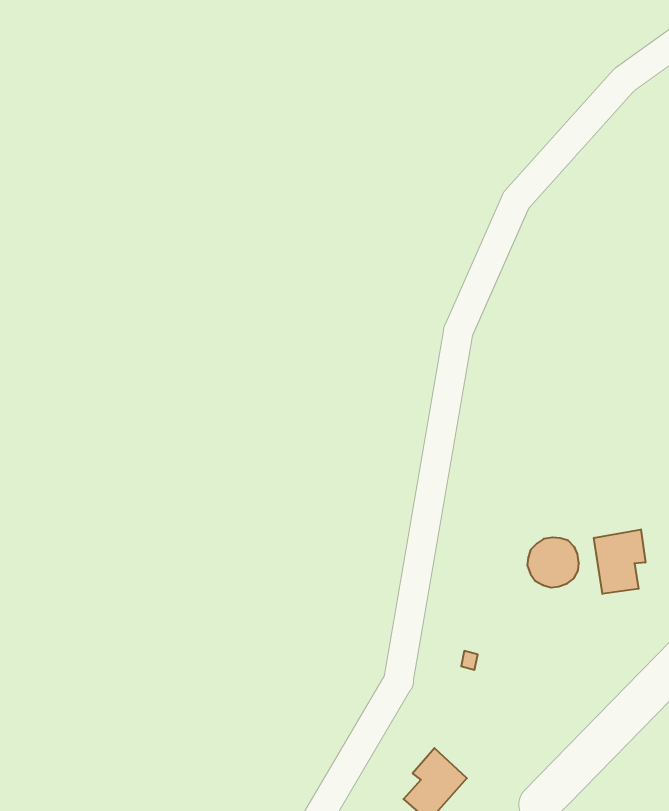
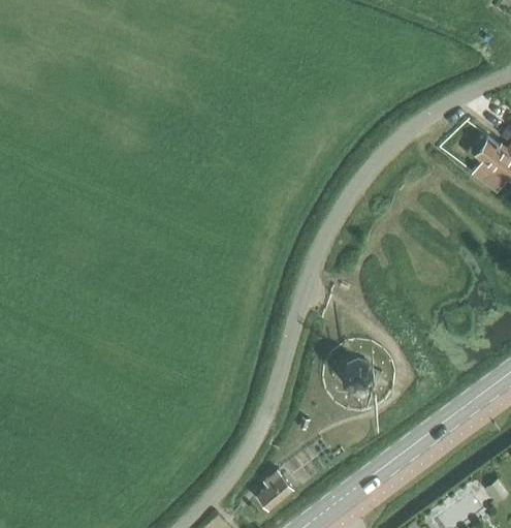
building: [594,529,645,594] -> none

